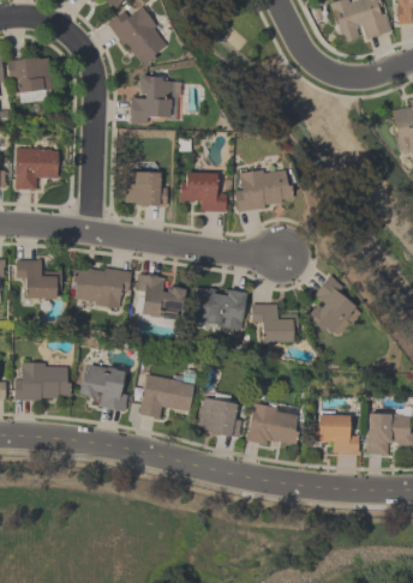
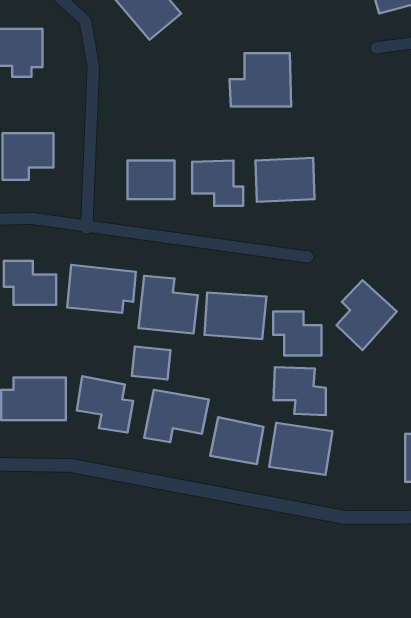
building: [128,76,182,122] -> [229,53,291,107]
building: none -> [132,346,171,380]
building: [313,411,359,453] -> [274,367,326,415]

